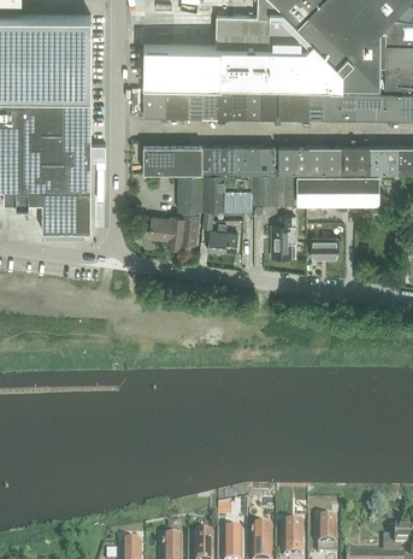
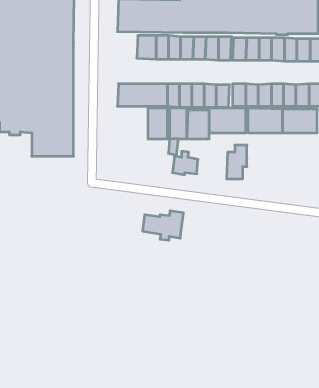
building: [143,92,166,118] -> none
building: [149,216,197,251] -> [143,211,183,240]
building: [311,241,341,261] -> none

